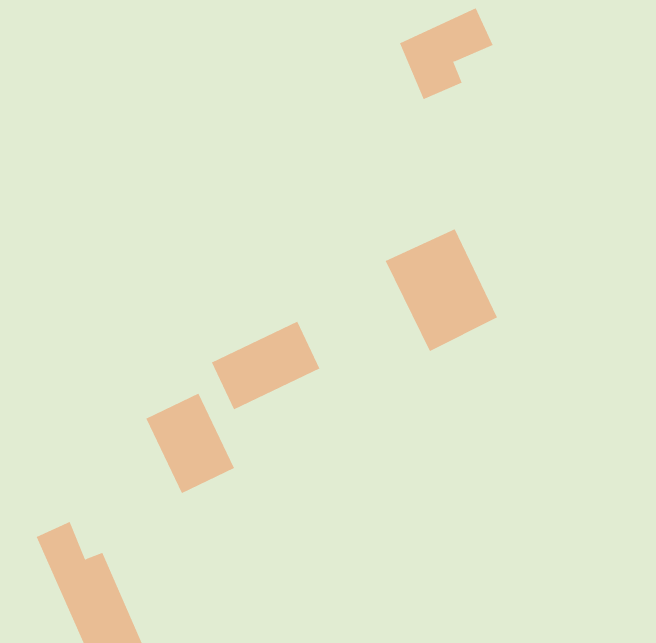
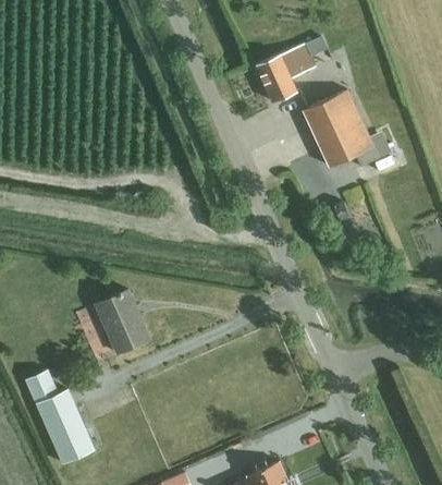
building: [385,228,498,352] -> [303,88,375,167]
building: [211,321,320,410] -> none

